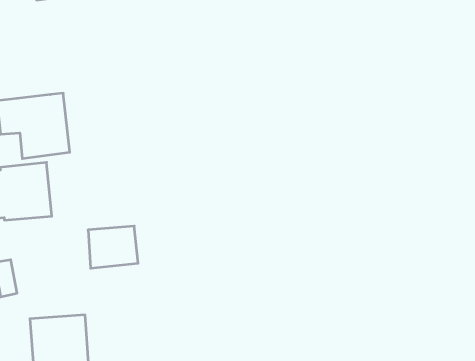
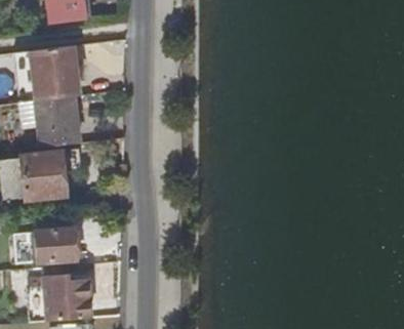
building: none -> [30,46,80,100]
building: [88,226,138,268] -> [38,229,78,262]

